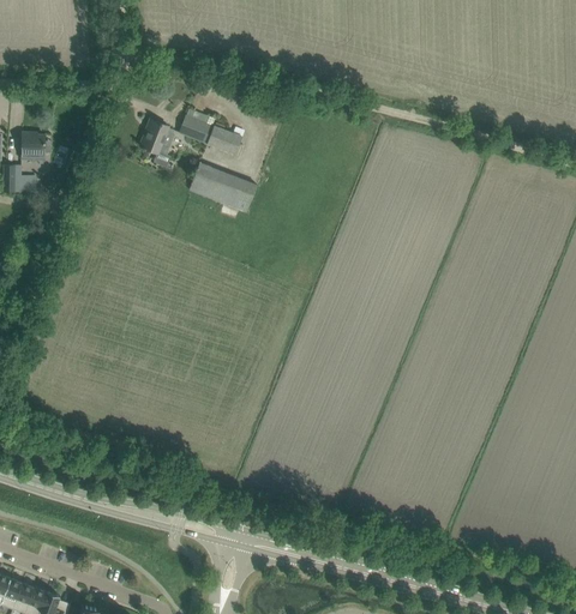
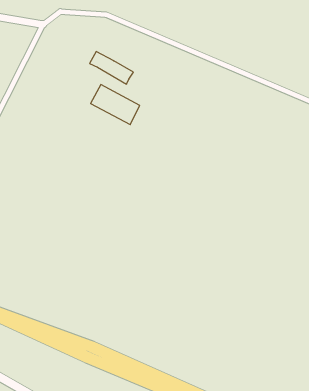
building: [139,120,174,157] -> none

